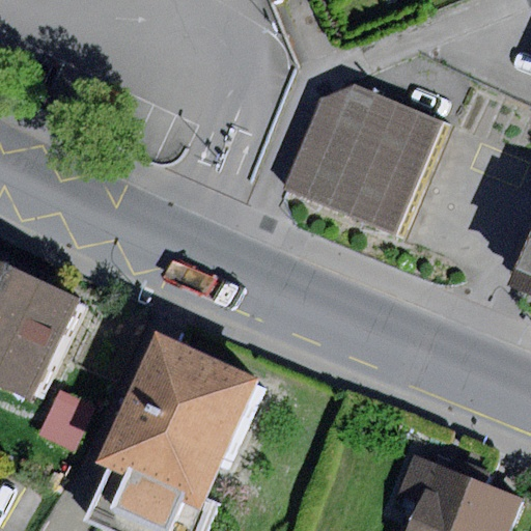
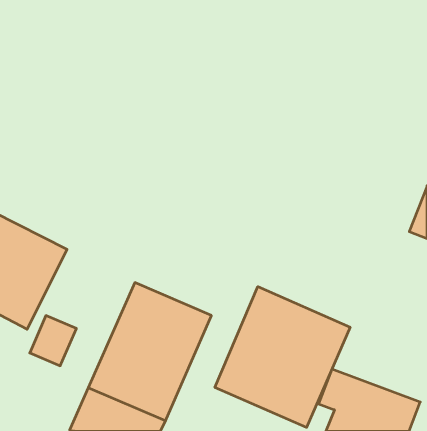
building: [277,82,443,234] -> none
building: none -> [215,287,350,427]

